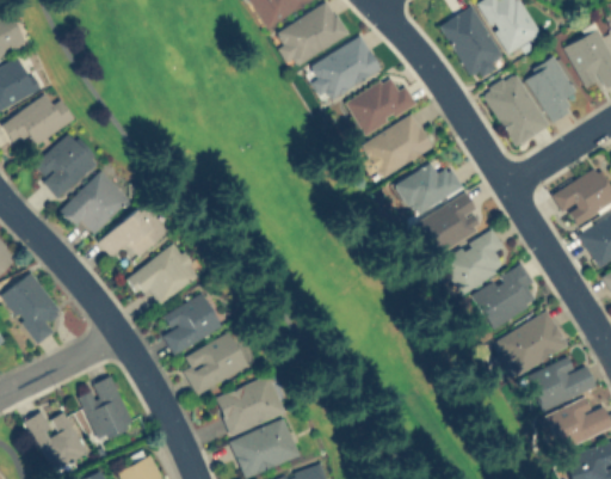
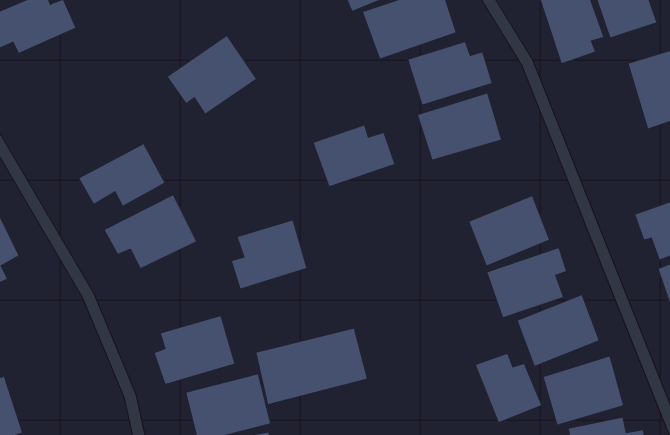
building: [481,72,549,148] -> none
building: [31,130,100,198] -> none
building: [394,162,463,217] -> [313,125,395,187]
building: [58,170,131,237] -> [167,35,257,114]
building: [161,293,223,356] -> [231,220,307,289]
building: none -> [475,353,542,423]
building: none -> [256,328,367,405]
building: [75,376,134,443] -> none

